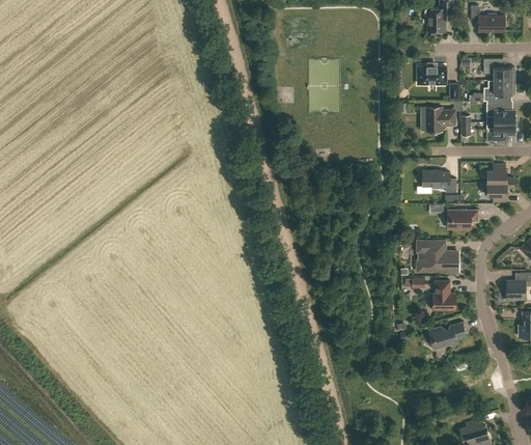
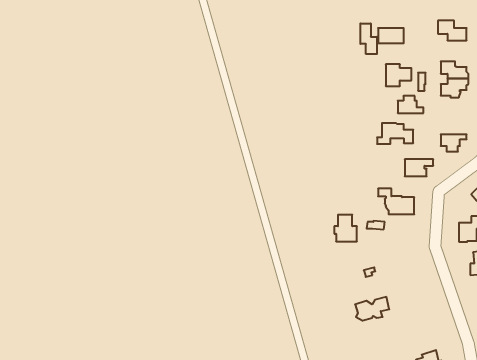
building: none -> [360,23,377,54]
building: [483,80,514,100] -> none
building: [486,164,514,183] -> [398,96,423,113]
building: [430,280,455,309] -> [334,215,357,241]
building: [428,322,466,347] -> [355,297,389,321]

